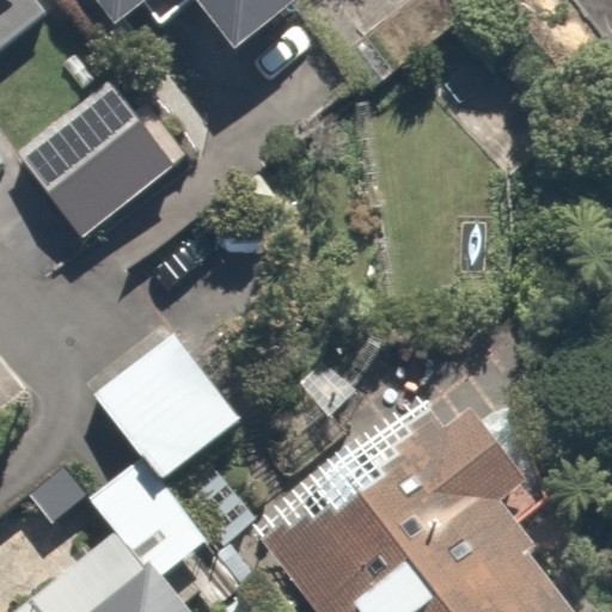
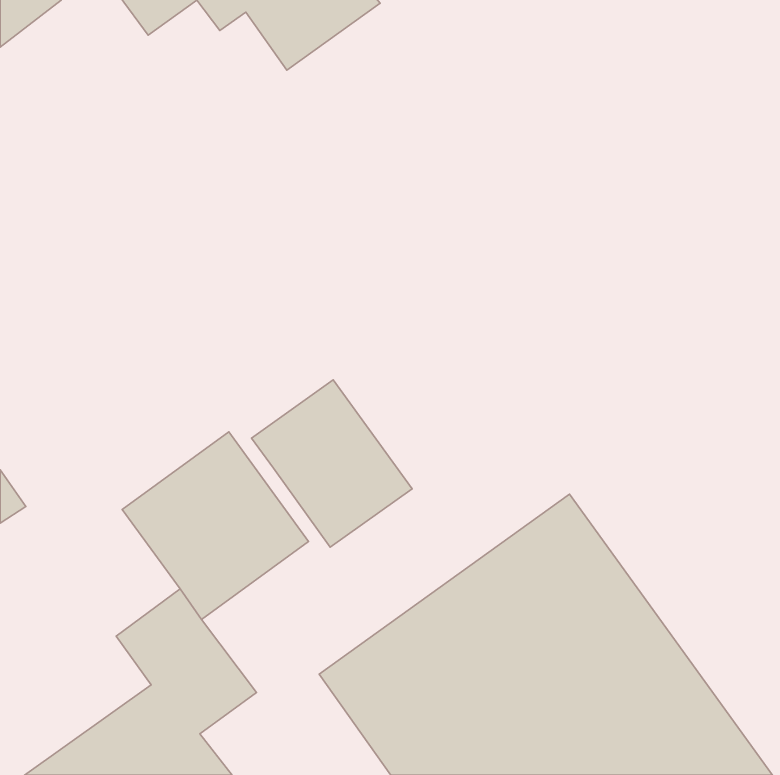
building: [12,79,182,247] -> none
building: none -> [251,380,412,547]

